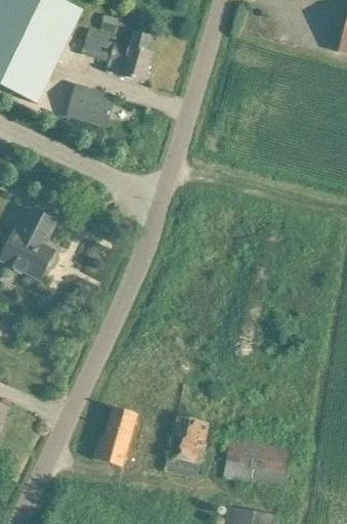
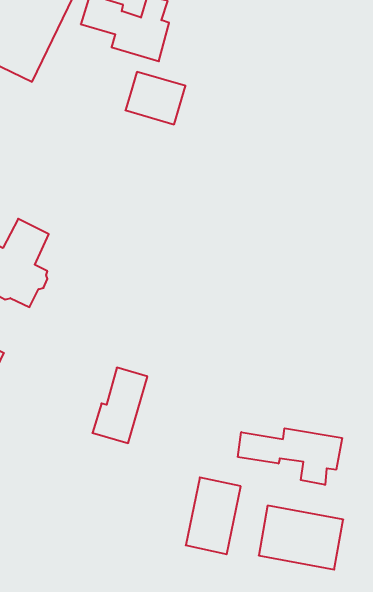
building: [67,84,115,126] -> [125,72,186,124]
building: none -> [238,428,342,485]
building: [93,405,137,466] -> [92,368,147,443]

